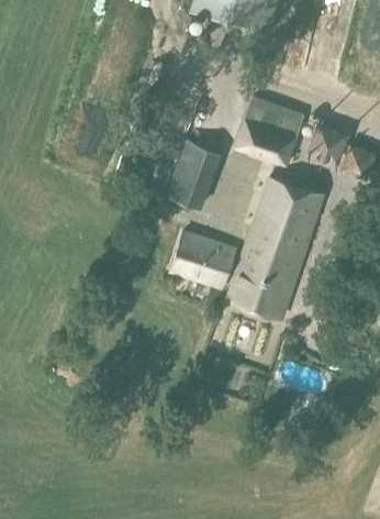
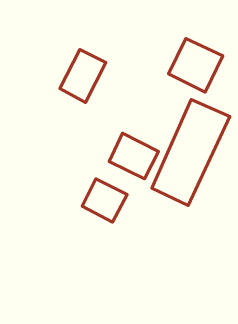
building: [167,139,224,208] -> [60,49,106,102]
building: none -> [82,179,127,222]

